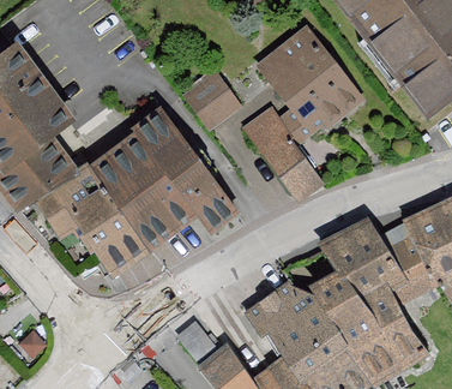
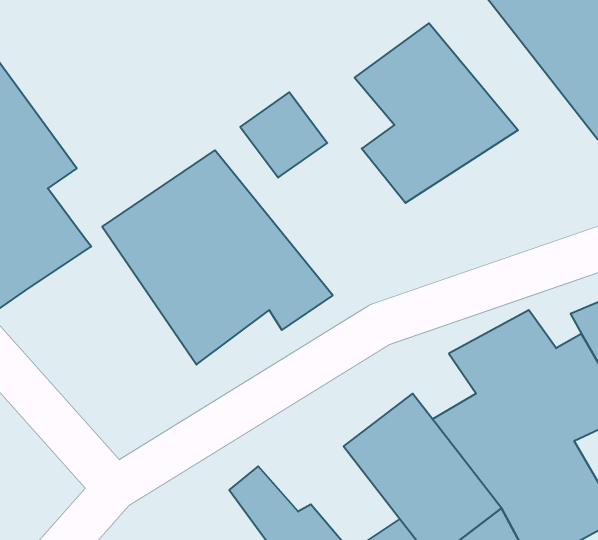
building: [241,110,315,196] -> none
building: [40,162,152,279] -> none

